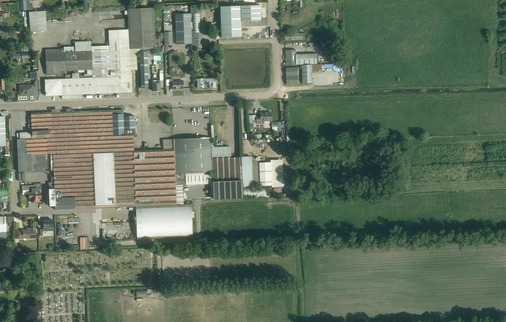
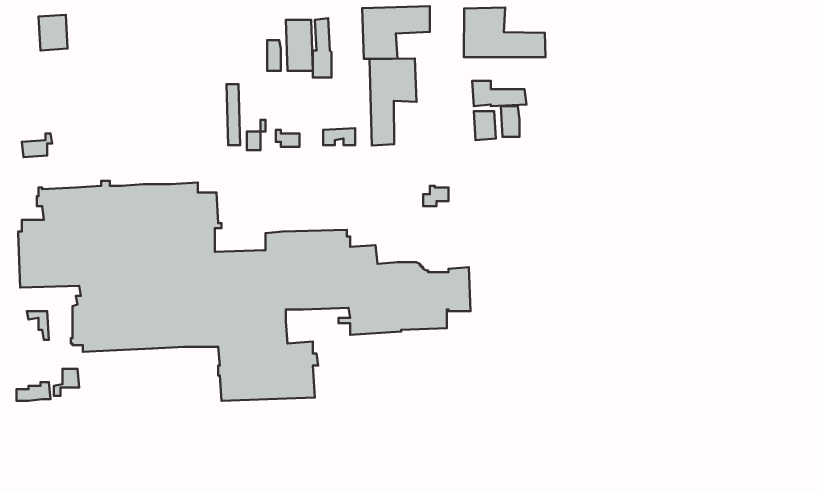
building: none -> [464,8,546,57]
building: [44,8,155,99] -> none
building: none -> [370,59,417,145]

